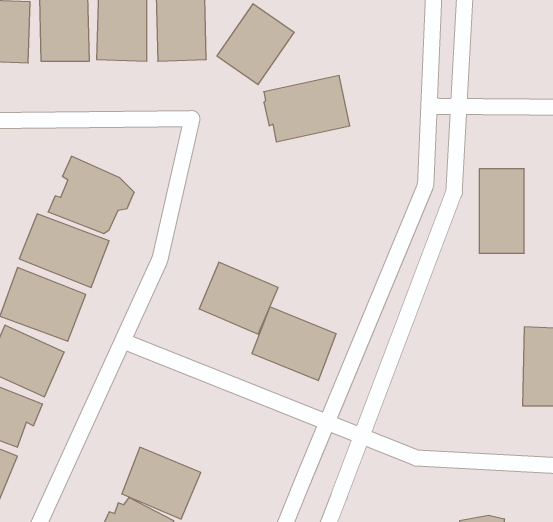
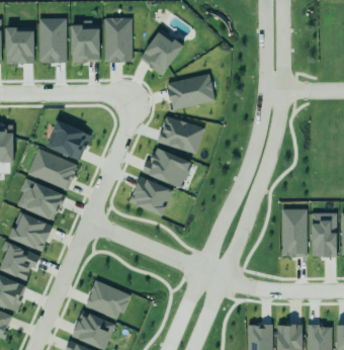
building: none -> [157,115,204,154]
building: [479,169,524,253] -> [281,209,307,257]
building: [252,307,336,381] -> [144,147,191,188]

